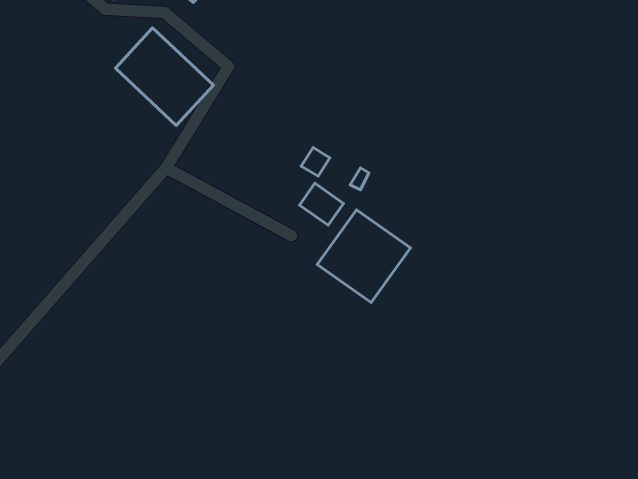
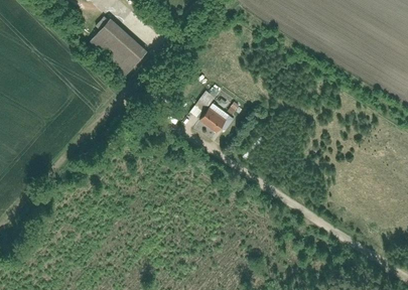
building: [317,210,410,303] -> none

